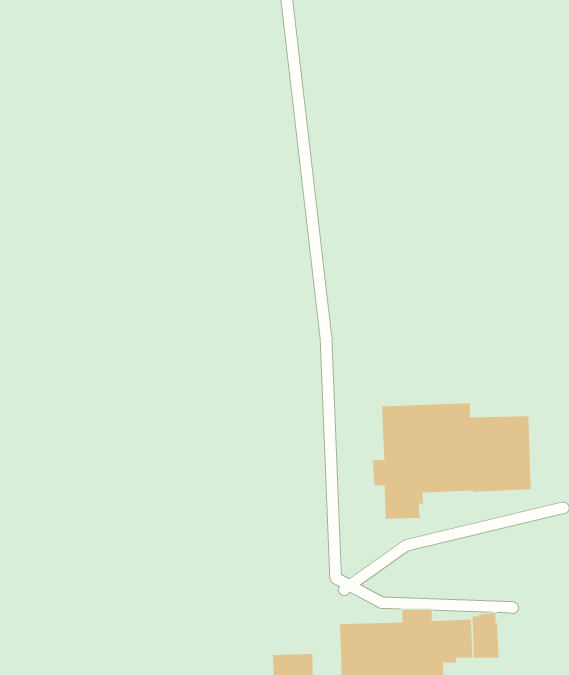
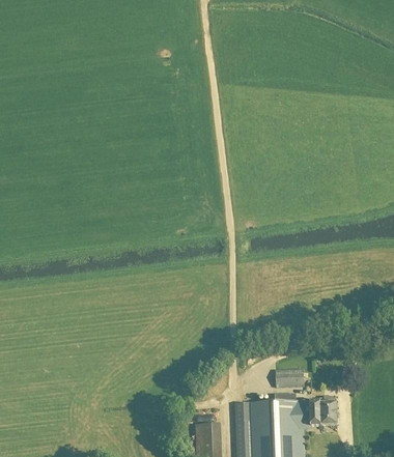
building: [372,403,531,520] -> none
building: none -> [276,369,305,387]

